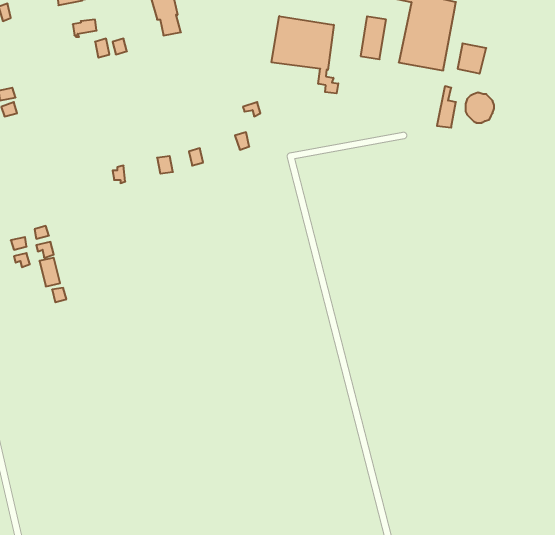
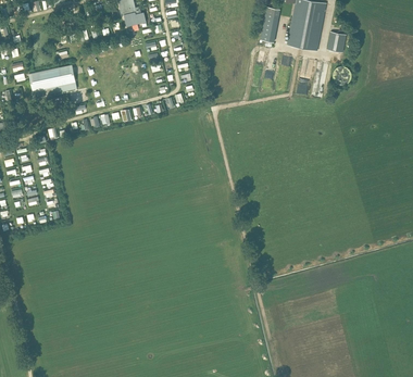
building: [272,16,338,93] -> none
building: none -> [29,64,77,98]

